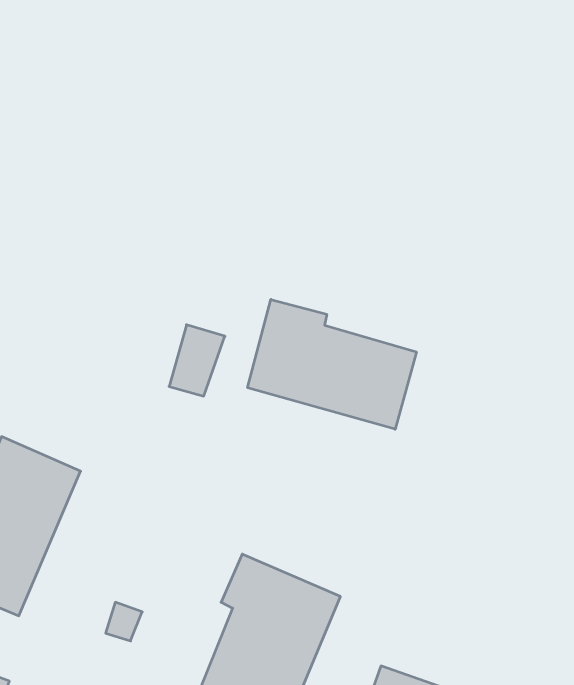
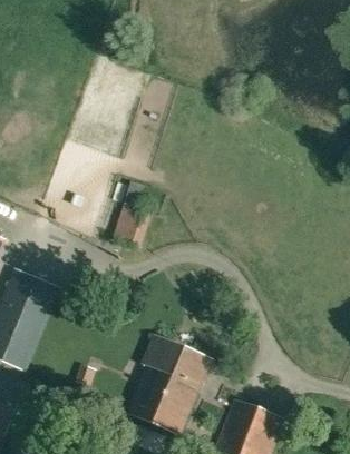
building: [248,299,416,429] -> none

